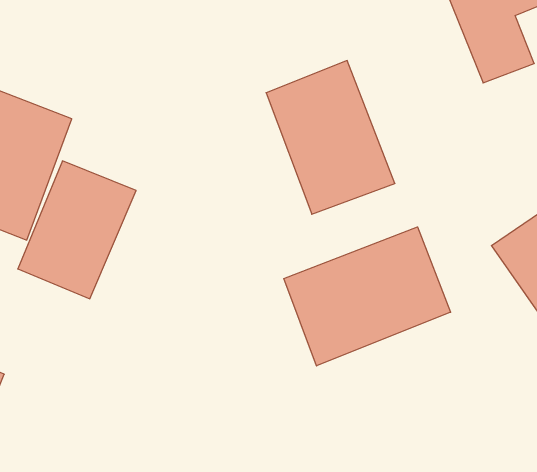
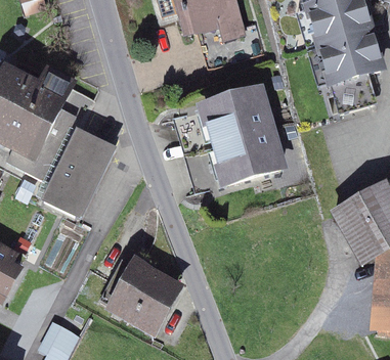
building: [284,227,451,366] -> none
building: none -> [100,256,173,322]

